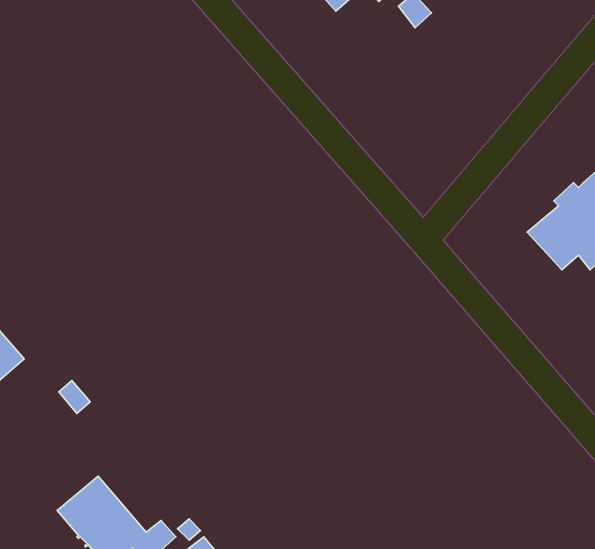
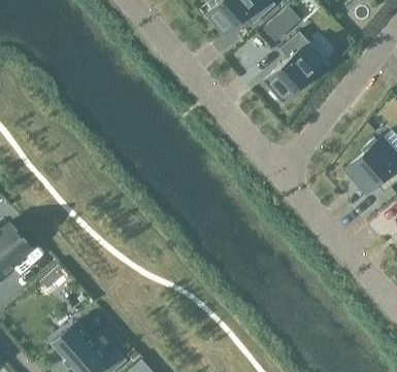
building: none -> [266,32,327,99]

